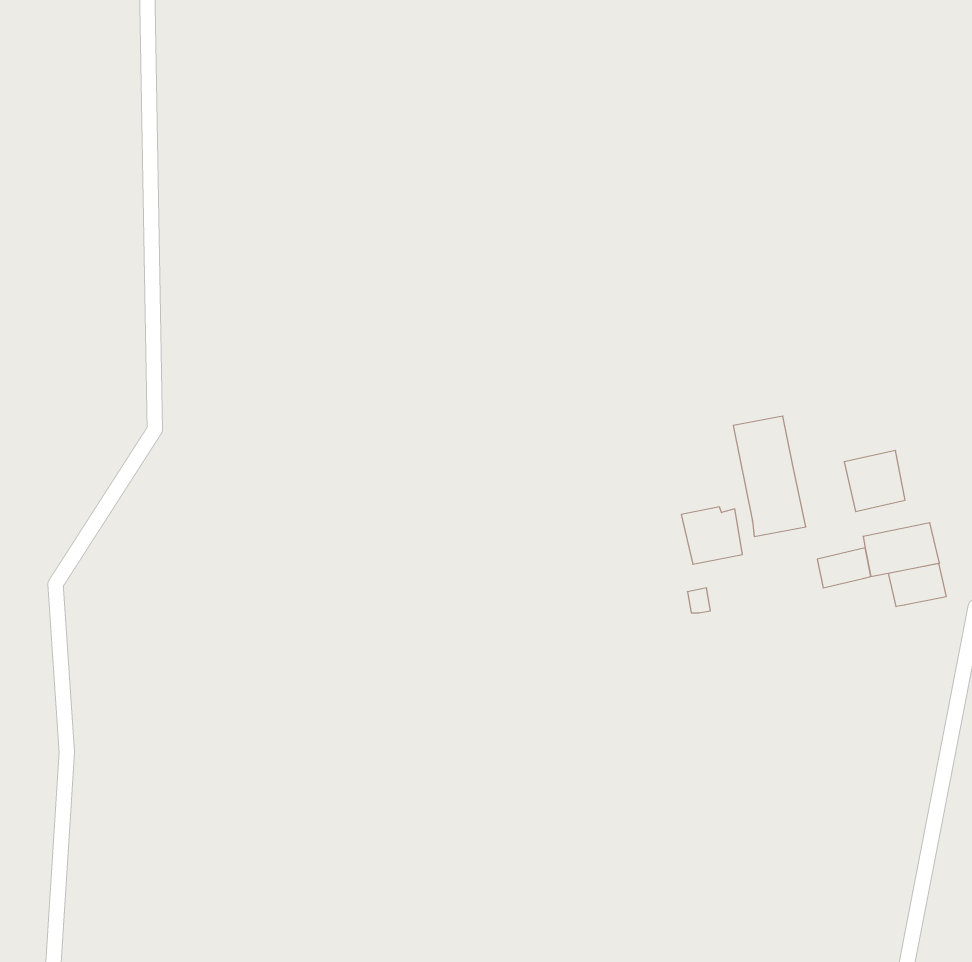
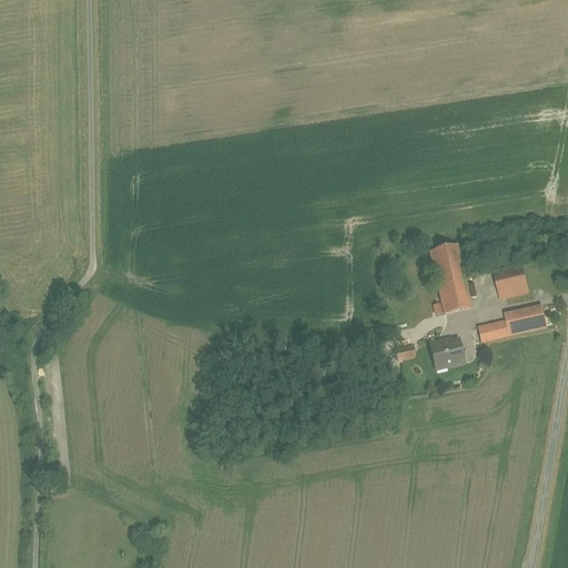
building: [681,507,742,564] -> [428,334,464,367]
building: [888,563,946,607] -> none

